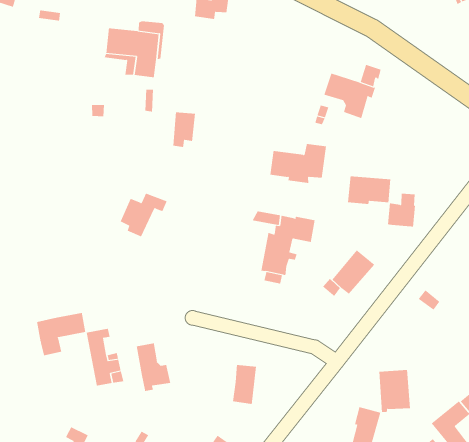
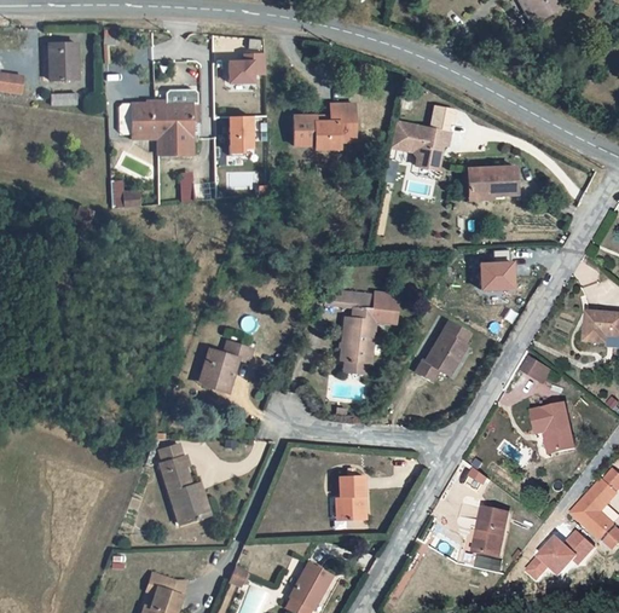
building: [172,112,196,147] -> [227,115,253,156]
building: [270,143,327,184] -> [295,105,357,151]
building: [347,176,391,204] -> [467,164,516,198]
building: [120,193,167,237] -> [204,342,256,394]
building: [37,312,86,356] -> none
building: [136,342,171,392] -> none
building: [378,369,411,413] -> [540,403,584,457]

